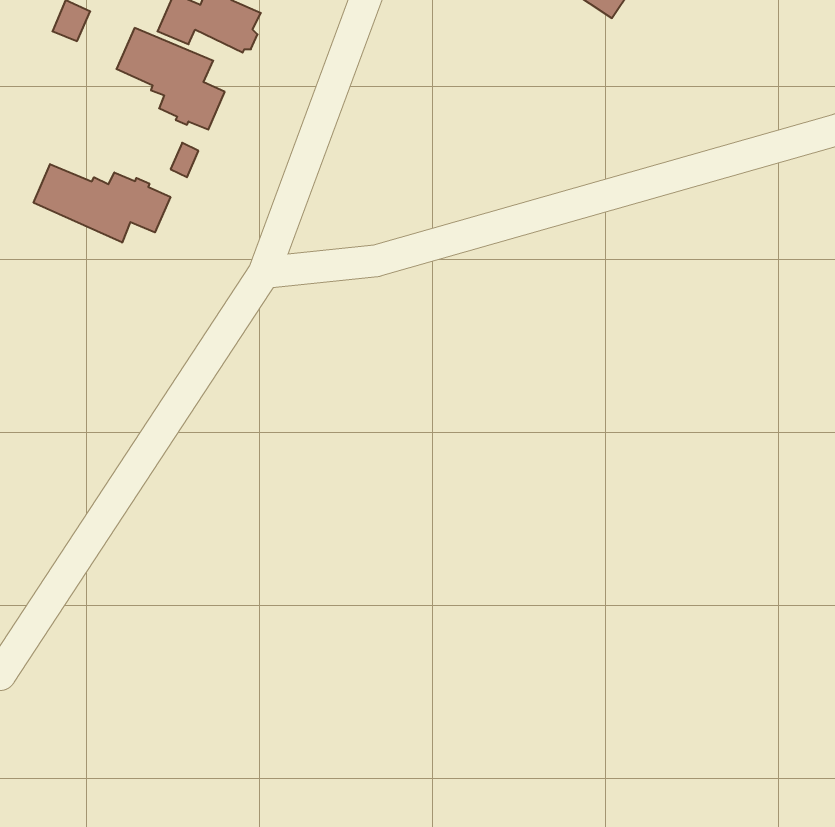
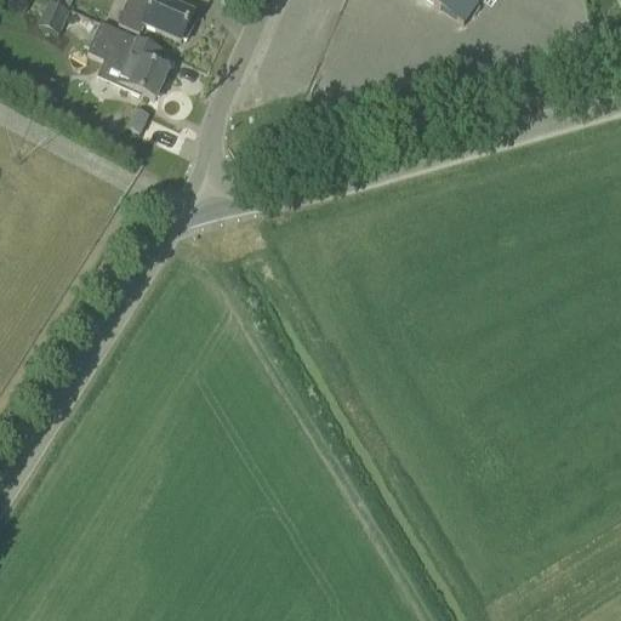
building: [34,164,170,243] -> none

